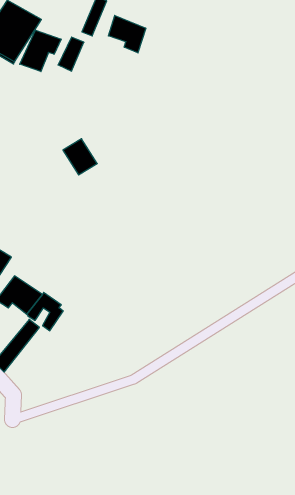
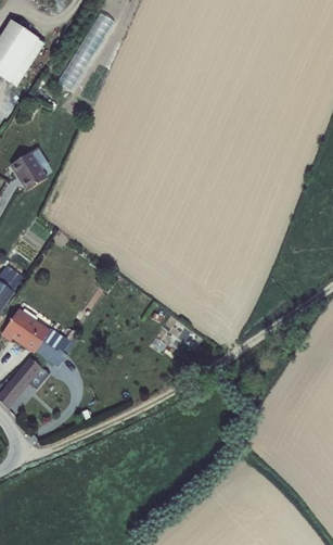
building: [108,15,146,53] -> none
building: [20,30,61,72] -> none
building: [63,139,97,175] -> [10,150,46,188]

